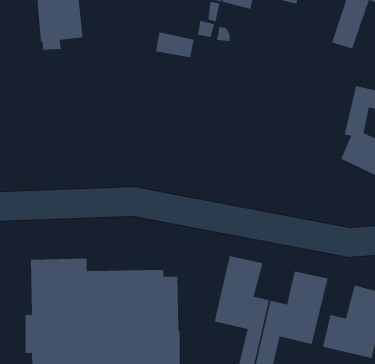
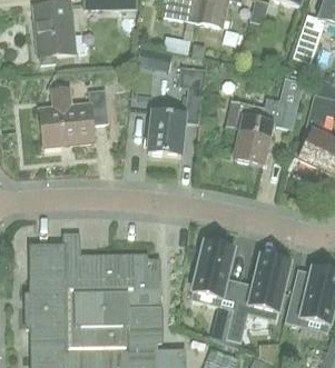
building: none -> [149,64,207,155]
building: none -> [226,79,302,163]
building: none -> [39,86,109,146]

